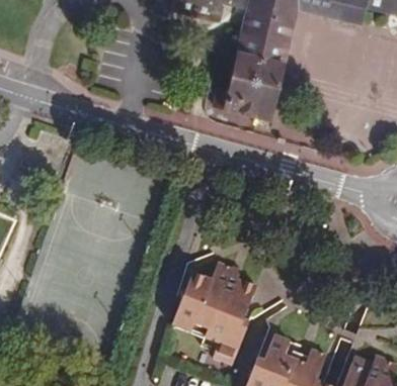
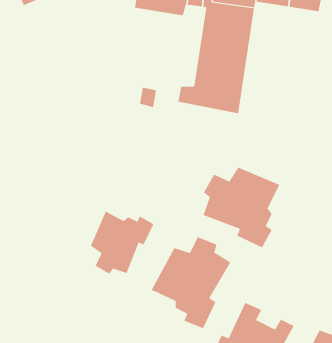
building: none -> [203,167,280,248]
building: none -> [90,211,154,274]

